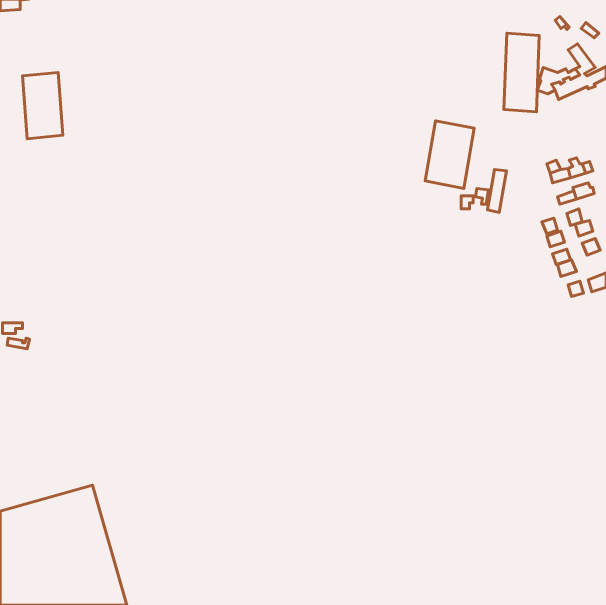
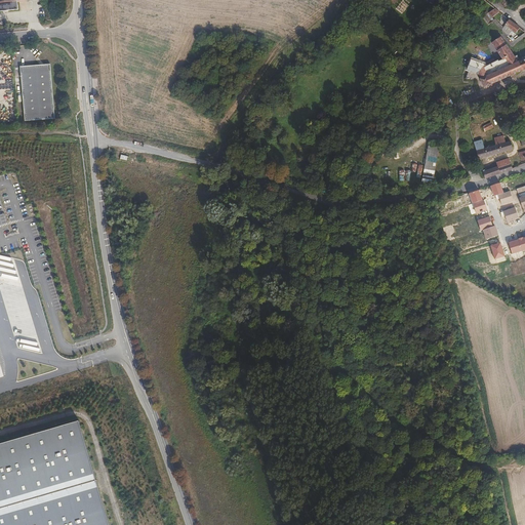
building: [504,33,539,112] -> none
building: [425,121,474,189] -> none

